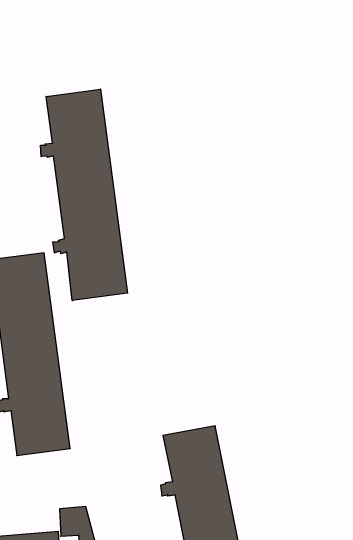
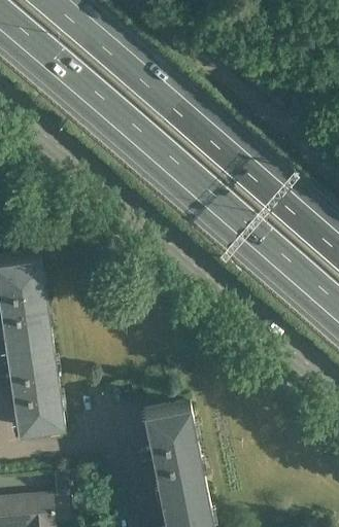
building: [41,89,128,301] -> none

